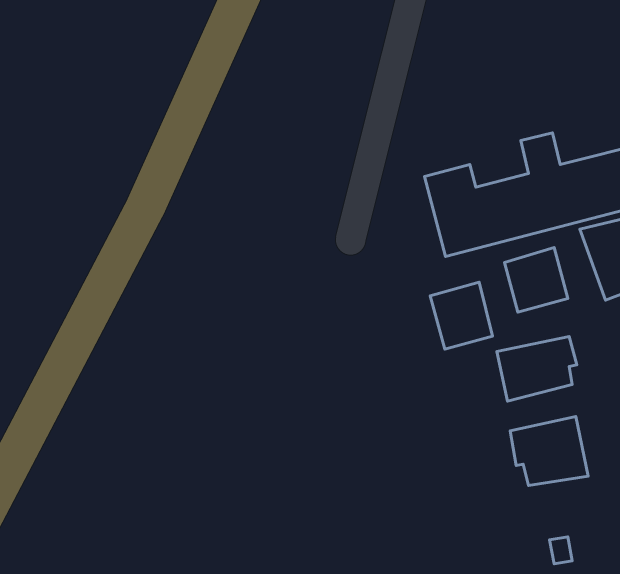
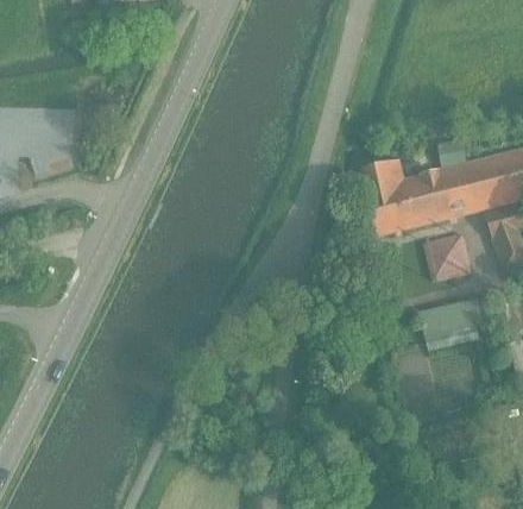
building: [430,282,492,349] -> none
building: [510,417,588,485] -> none

